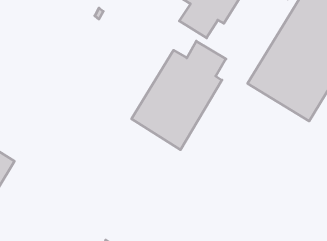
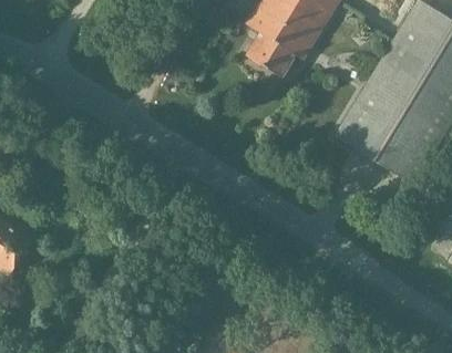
building: [132,41,226,150] -> none

